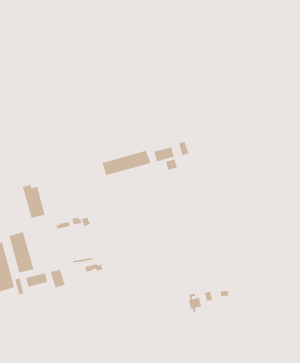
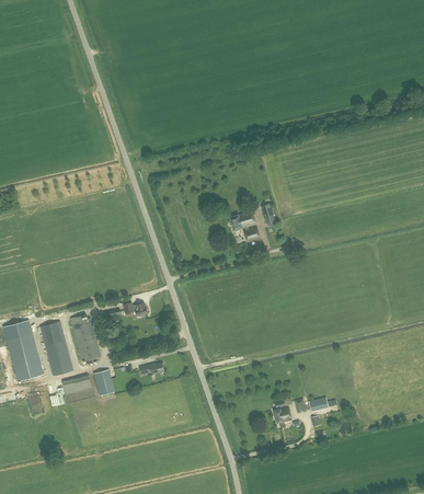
building: [102,150,151,176] -> none
building: [22,184,45,219] -> [69,314,100,360]

